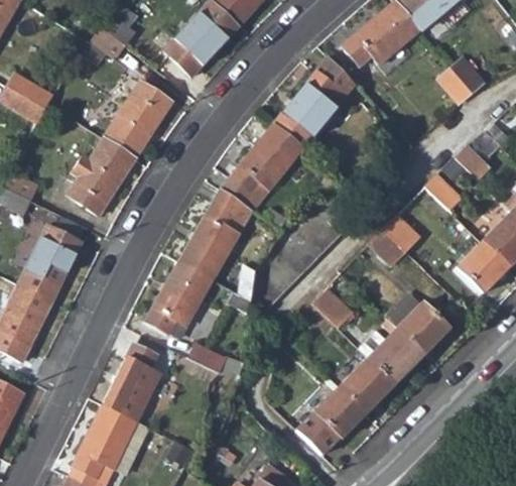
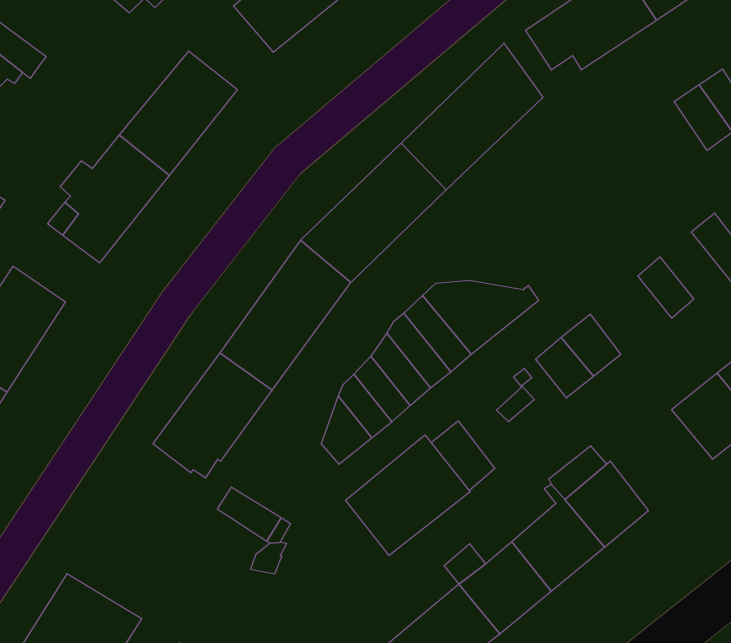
building: none -> [346,435,470,556]
building: [101,342,162,423] -> none

